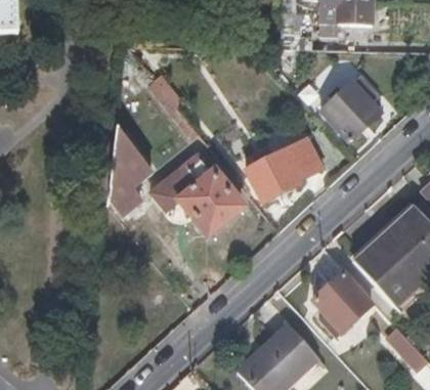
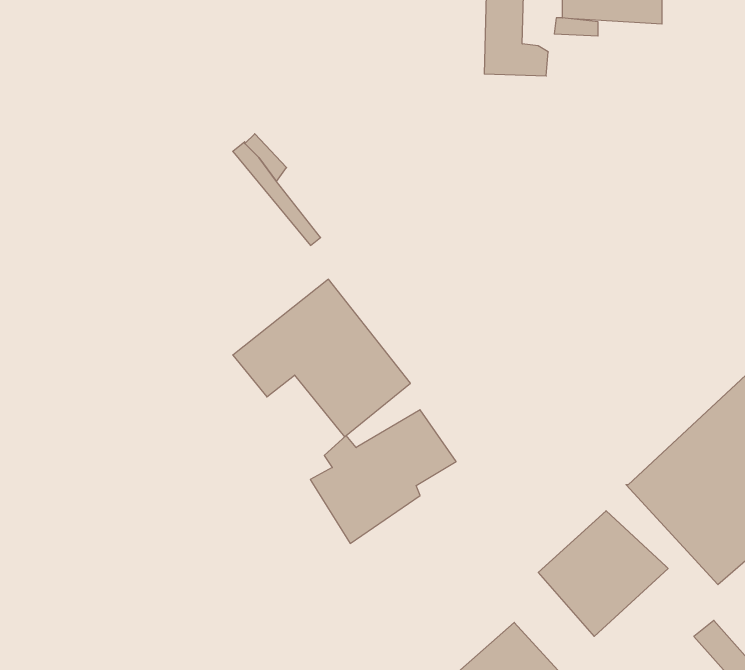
building: [322,83,384,144] -> none
building: [109,131,149,216] -> none
building: [241,137,315,206] -> [310,410,456,543]

